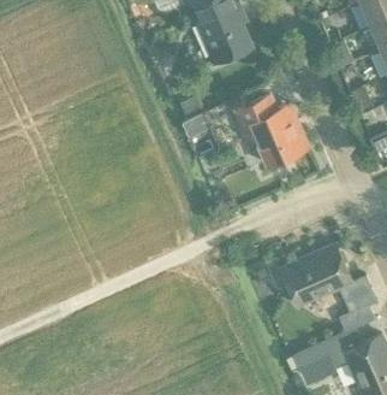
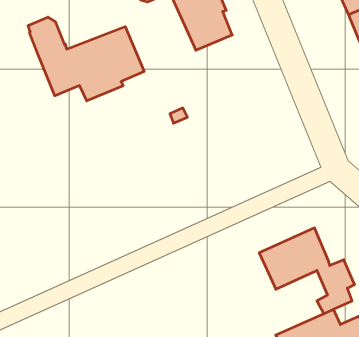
building: none -> [28,17,144,101]
building: [236,96,310,167] -> none

